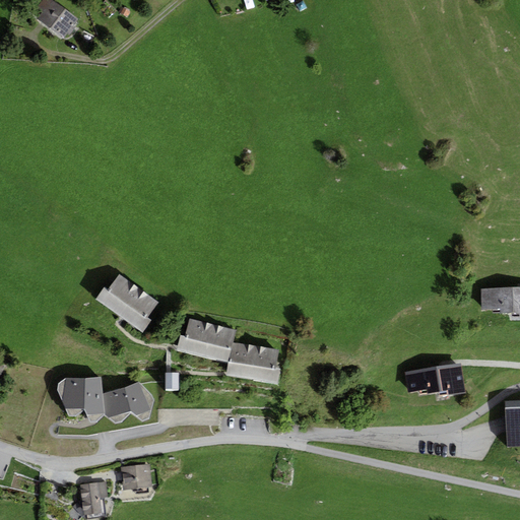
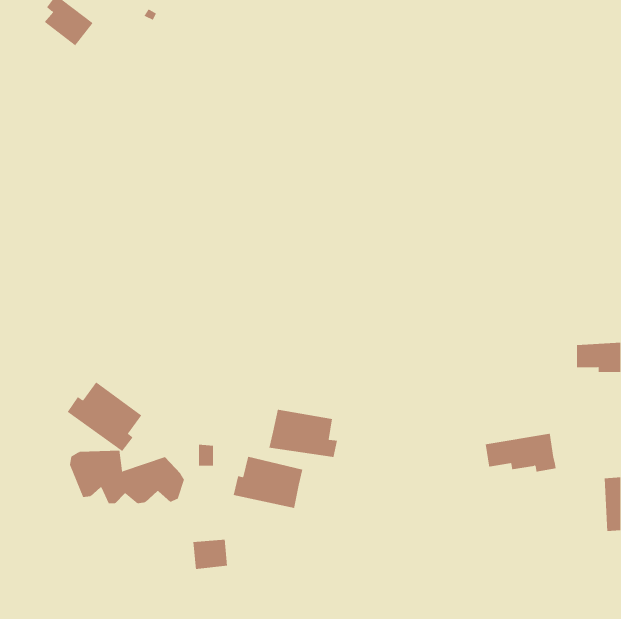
building: [95,273,158,332] -> [67,382,142,452]
building: [176,318,235,362] -> [233,456,303,508]
building: [122,464,151,490] -> [193,539,228,570]
building: [80,480,108,514] -> none

